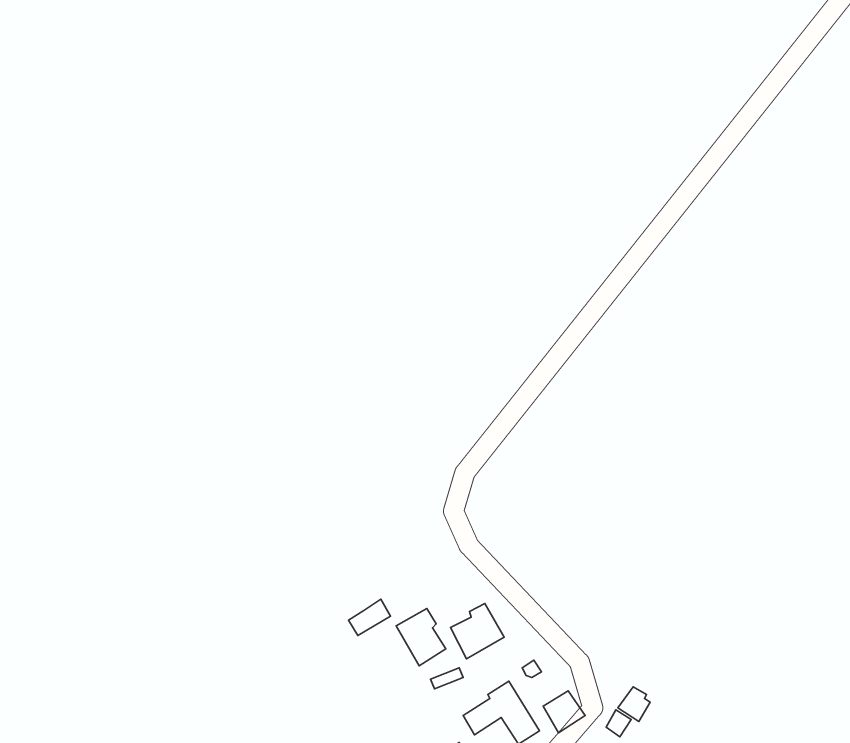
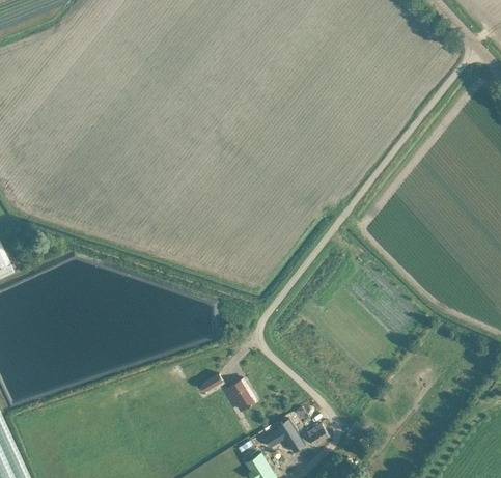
building: [450,604,504,659] -> none

